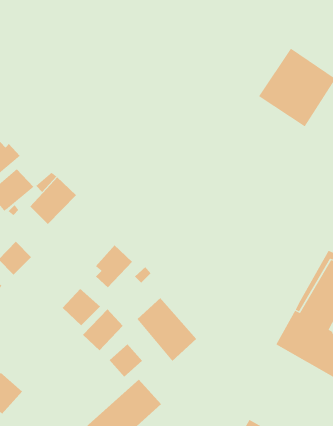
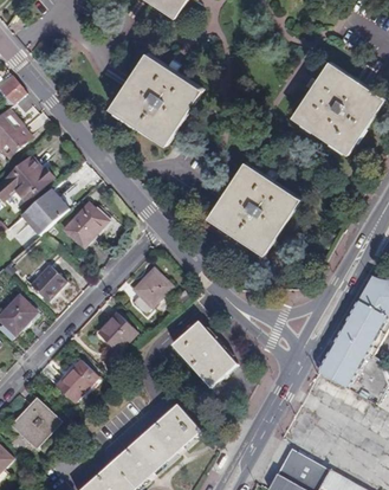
building: none -> [116,56,197,137]
building: none -> [214,166,294,247]
building: [82,309,124,351] -> [54,359,97,402]
building: [109,343,143,377] -> none

